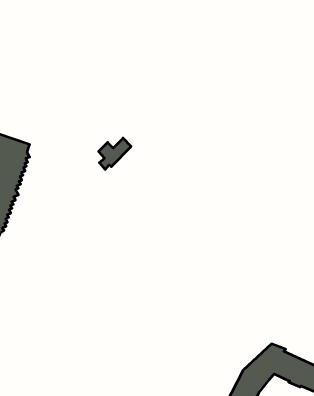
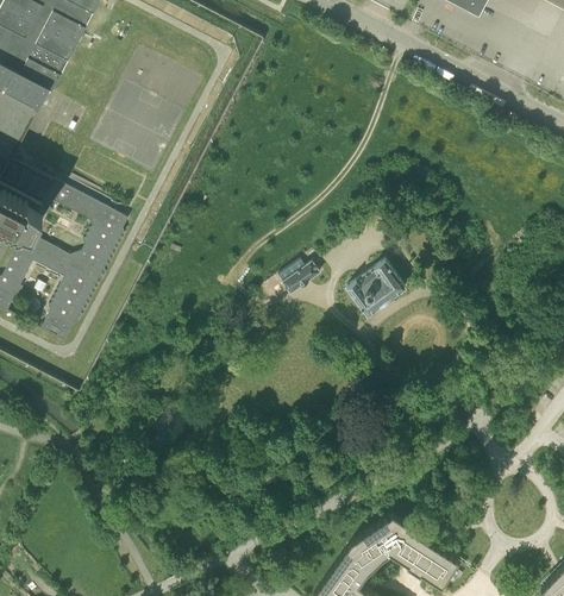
building: [99,138,131,169] -> [275,259,318,295]
building: none -> [344,257,405,315]

